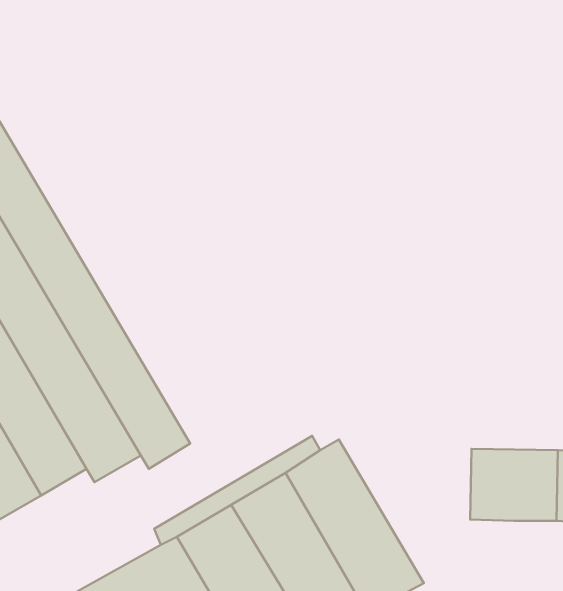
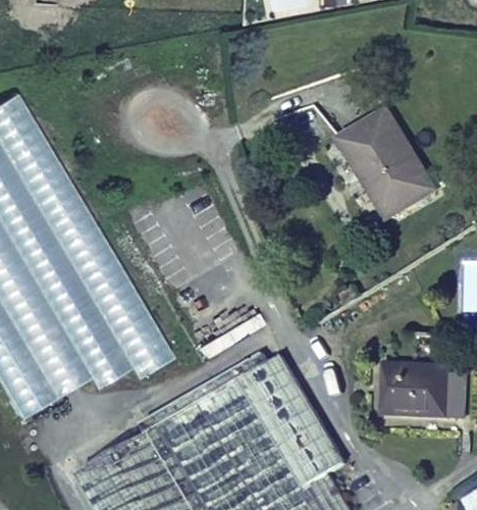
building: none -> [336,104,440,221]

